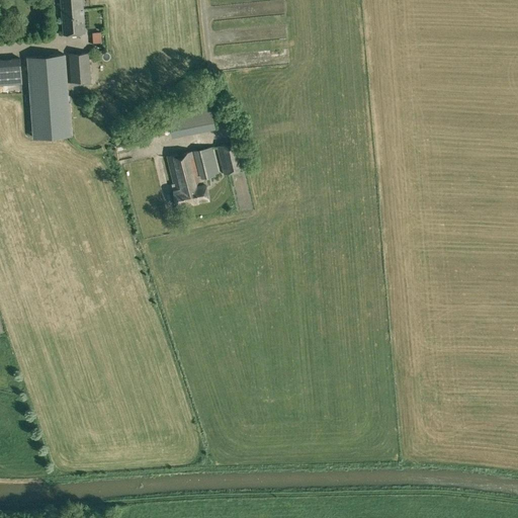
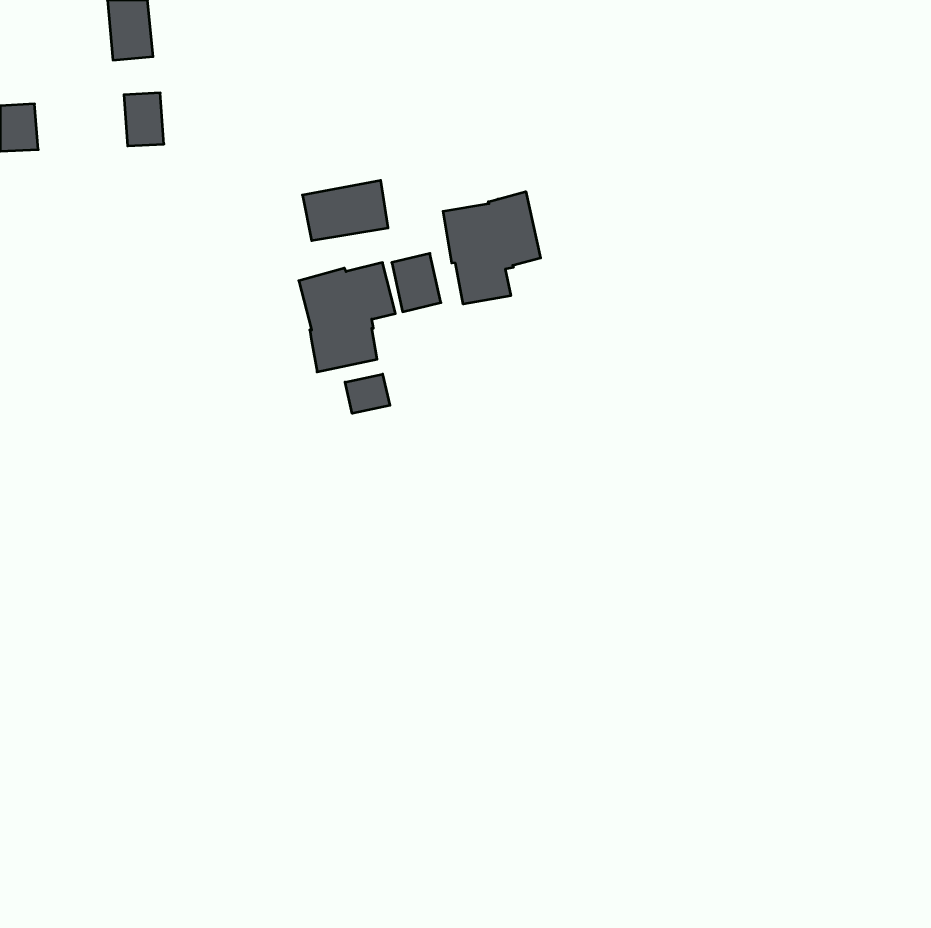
building: [27,56,71,140] -> none
building: none -> [443,192,541,304]
building: none -> [345,374,390,413]

